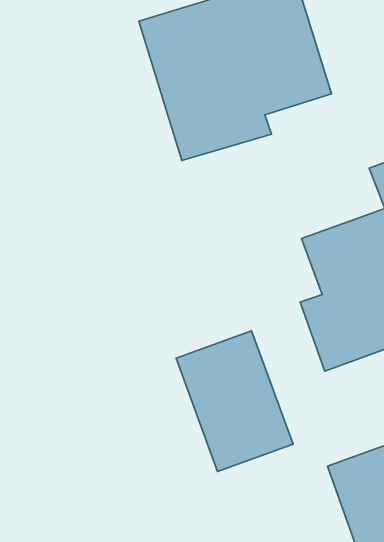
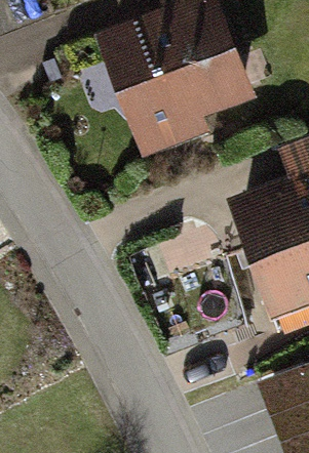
building: [176,331,293,471] -> none

